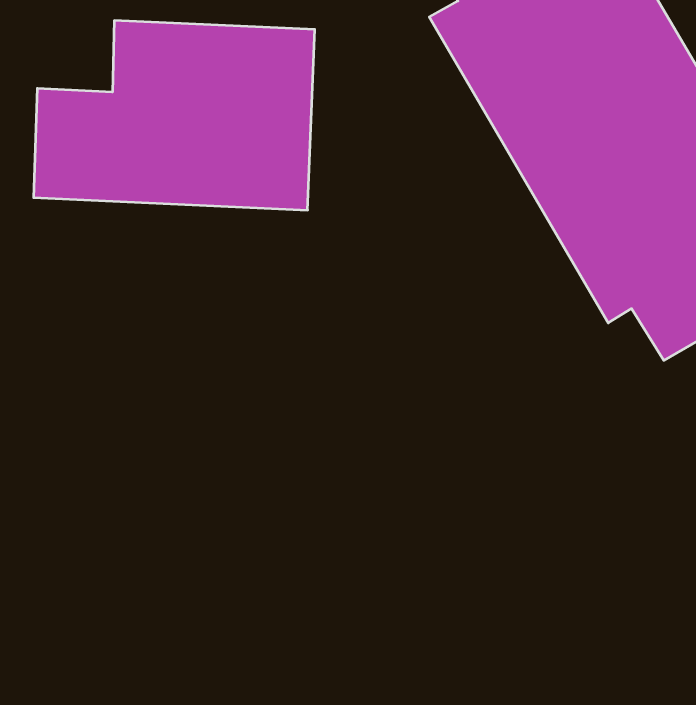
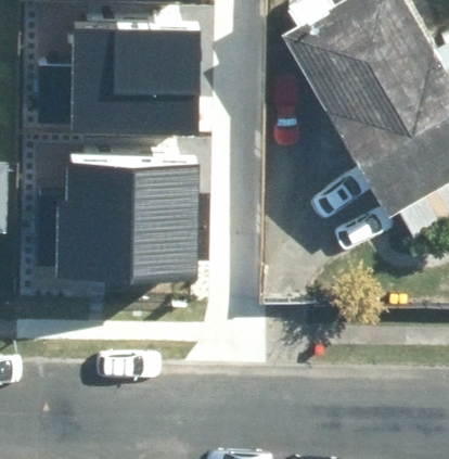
building: none -> [53,158,193,269]

